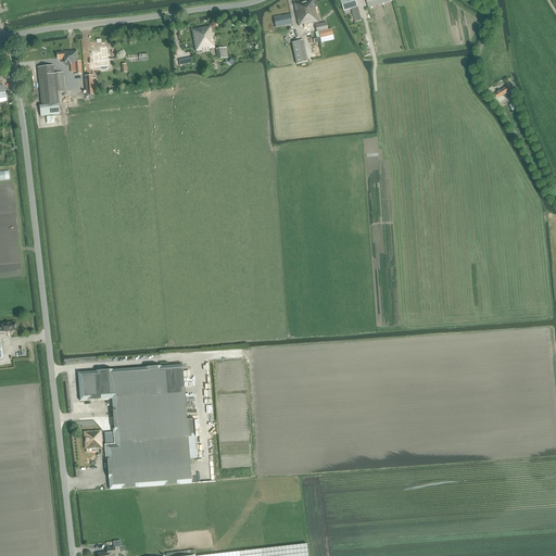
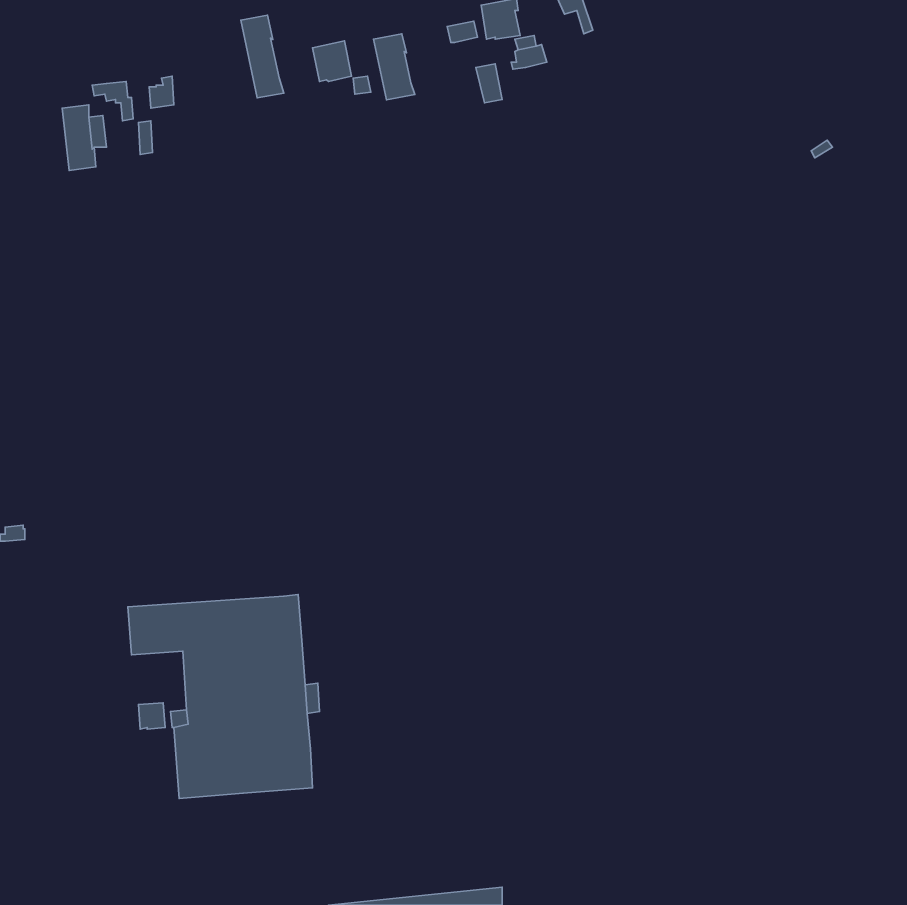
building: none -> [241,15,284,98]
building: none -> [374,34,415,100]

